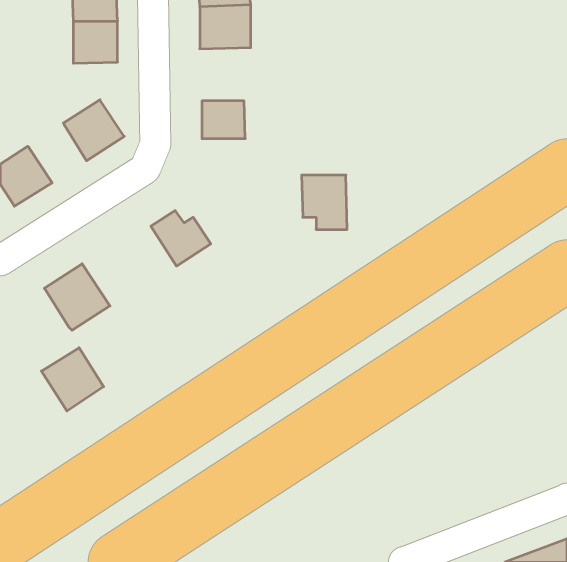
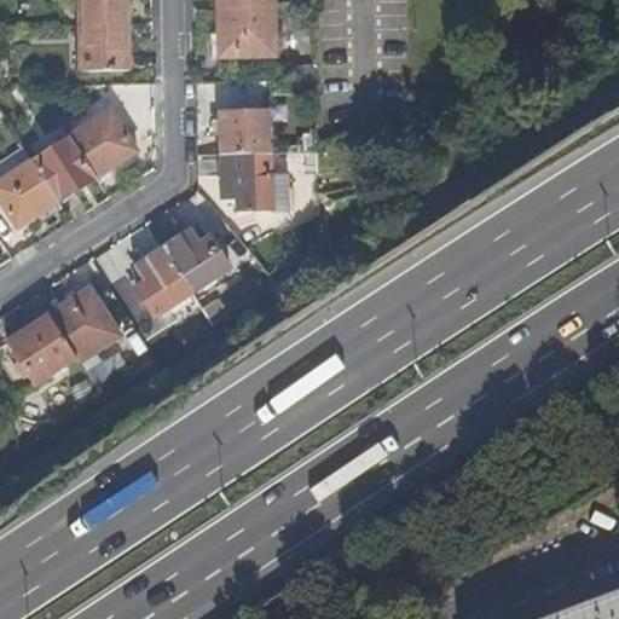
building: none -> [31,137,94,199]
building: [302,175,347,229] -> [220,151,270,210]
building: none -> [135,247,192,314]
building: [41,348,104,411] -> [7,314,75,383]

